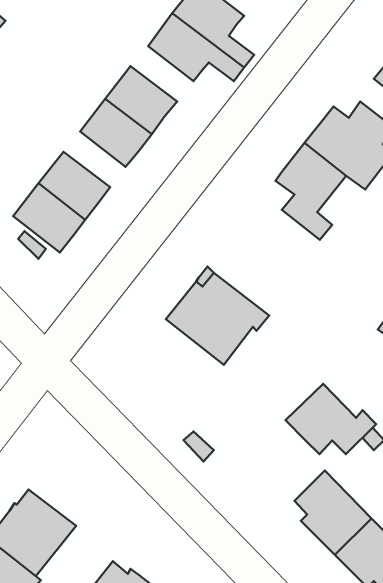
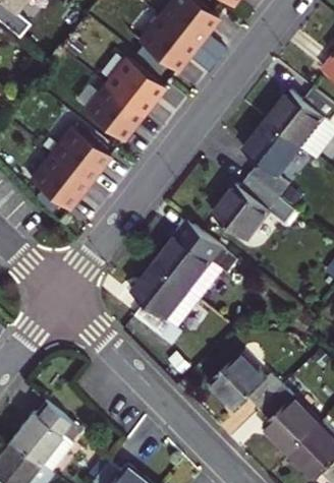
building: none -> [212,176,294,242]
building: none -> [130,264,201,347]
building: [285,384,376,454] -> [209,354,282,411]

